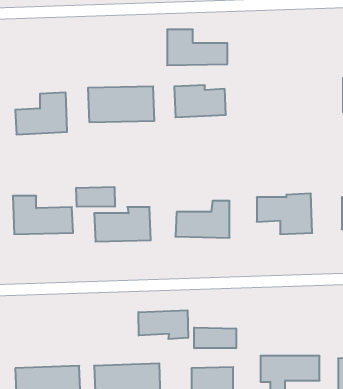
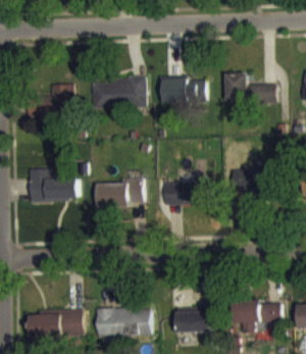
building: [167,30,227,65] -> [224,73,274,103]
building: [76,187,115,207] -> none
building: [138,310,188,339] -> none
building: [194,327,236,348] -> none

